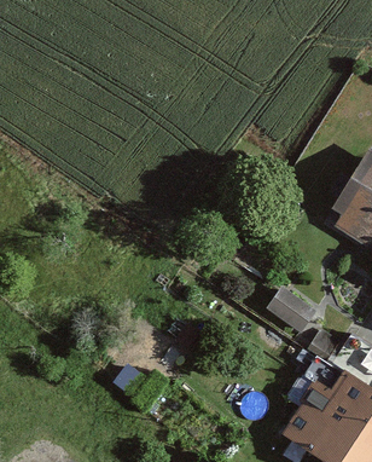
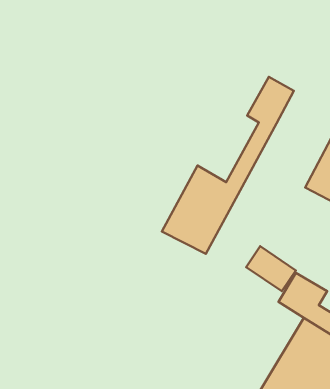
building: none -> [162,77,294,254]

